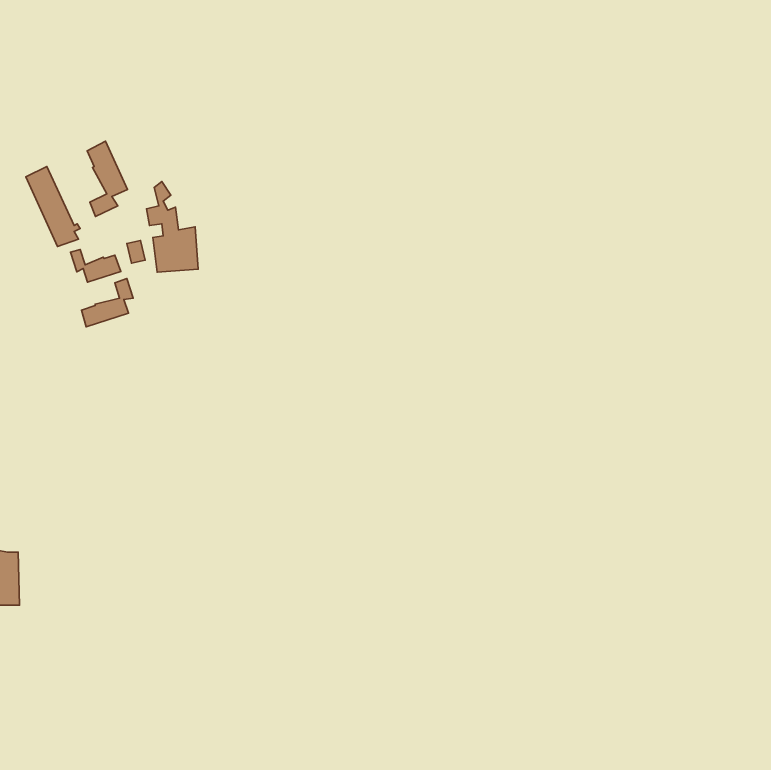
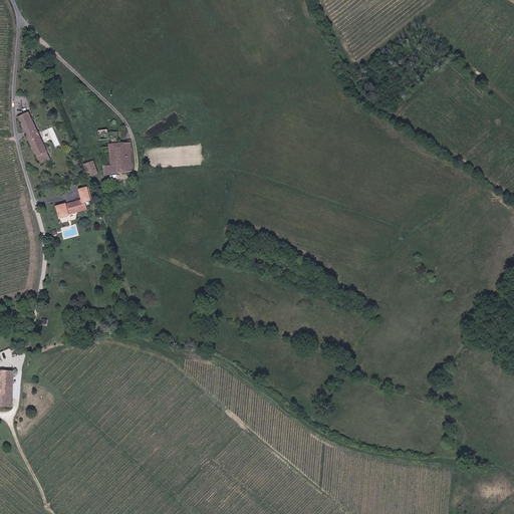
building: [87,141,128,216] -> none
building: [70,250,121,282] -> none

